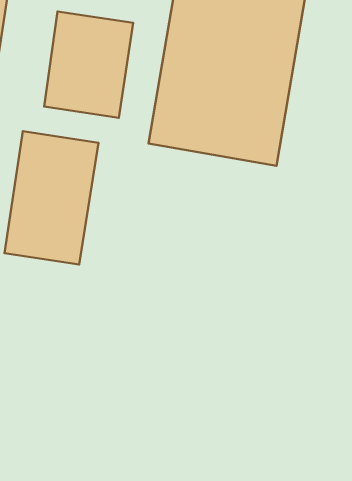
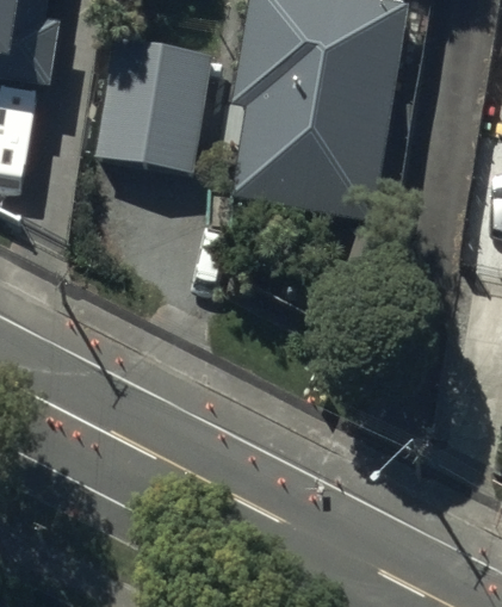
building: [5,131,98,264] -> none

